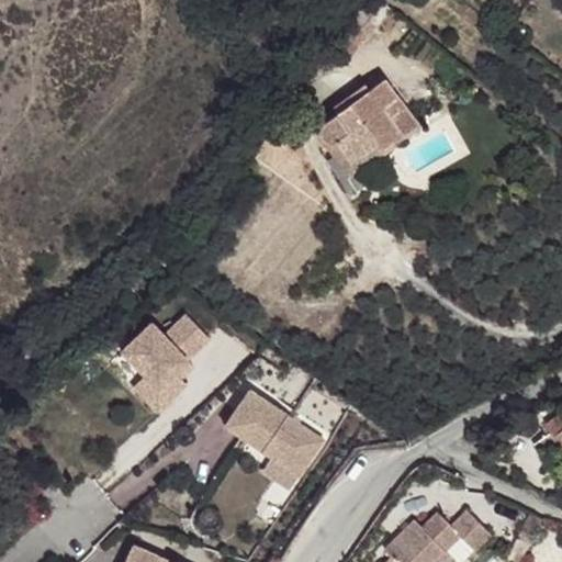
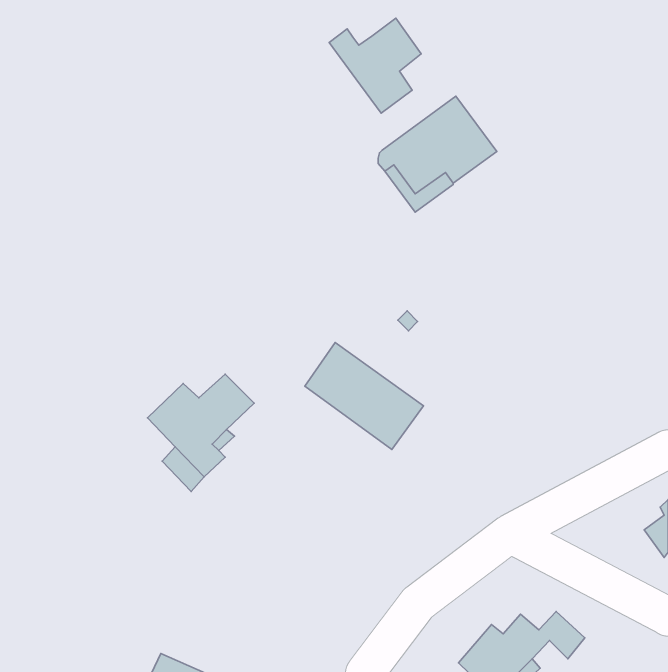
building: none -> [329,18,421,113]
building: [226,386,325,475] -> [305,343,424,449]

